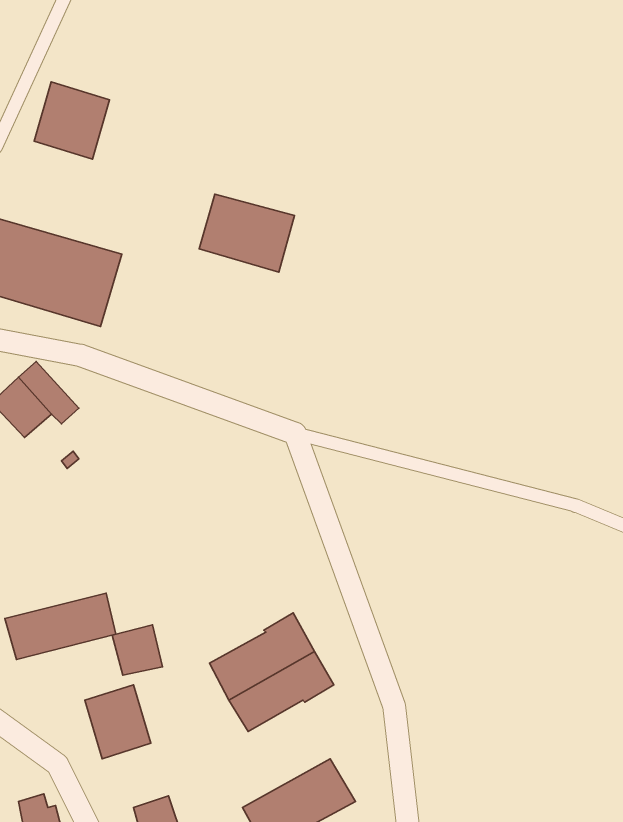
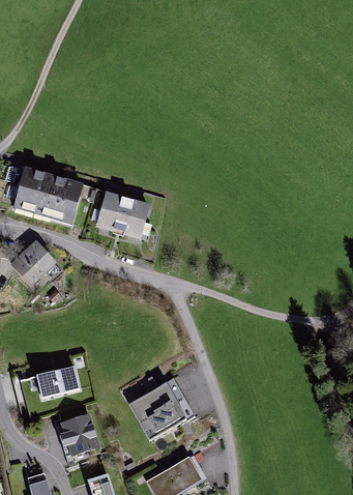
building: [34,82,110,159] -> none
building: [199,194,295,272] -> [97,194,148,235]
building: [112,625,162,675] -> none

